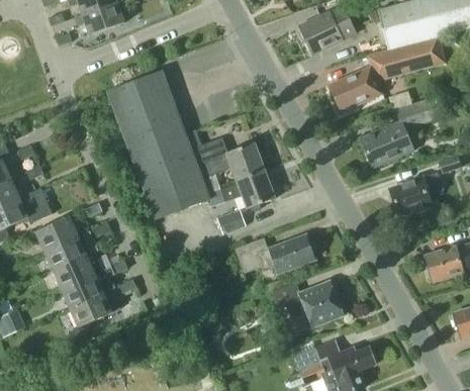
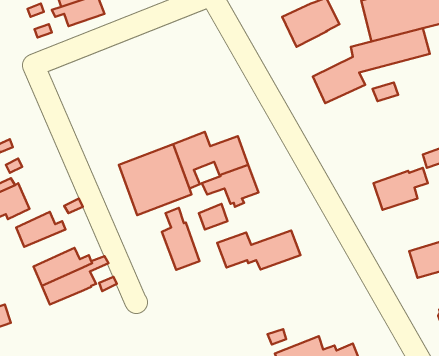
building: [108,72,191,171] -> none
building: [359,97,441,168] -> none
building: none -> [162,208,200,270]
building: [44,224,110,271] -> none
building: [272,282,343,327] -> none
building: [70,294,119,327] -> none

